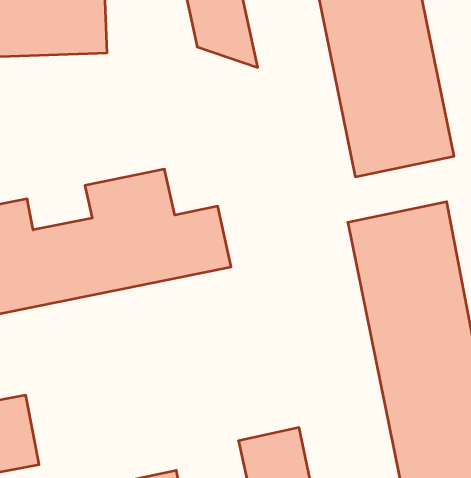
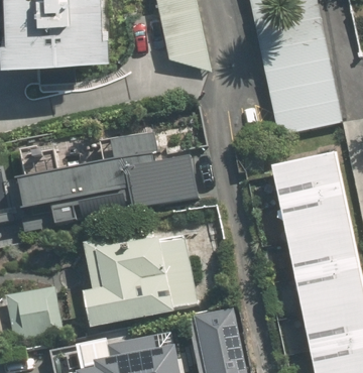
building: none -> [85,232,197,326]

